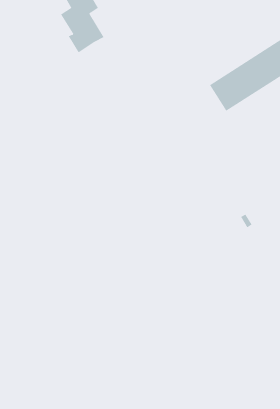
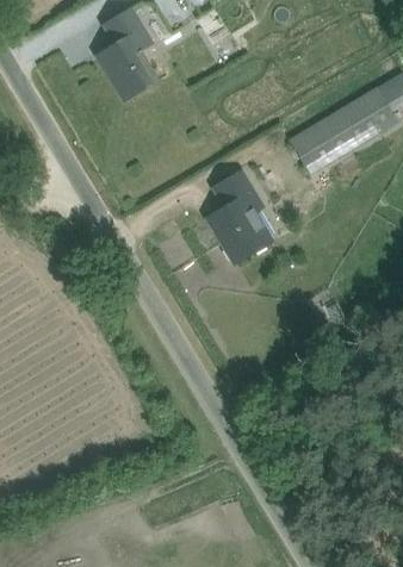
building: none -> [213,169,269,261]

